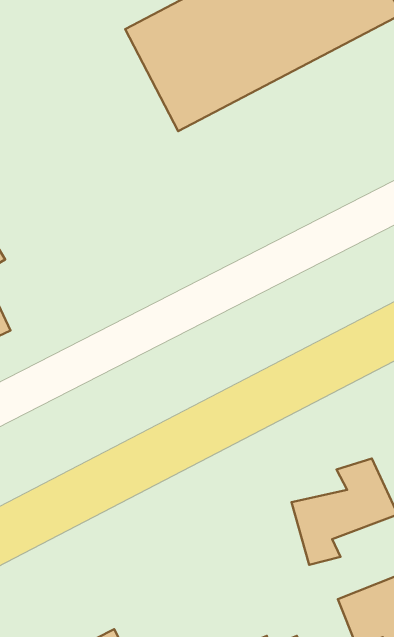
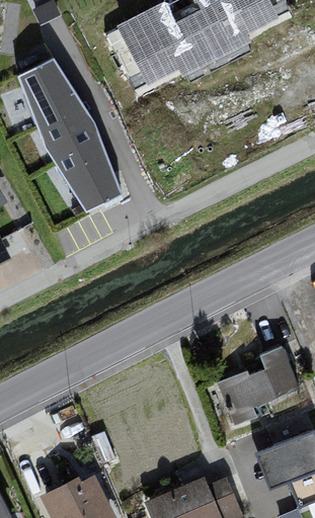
building: none -> [17,57,120,210]

